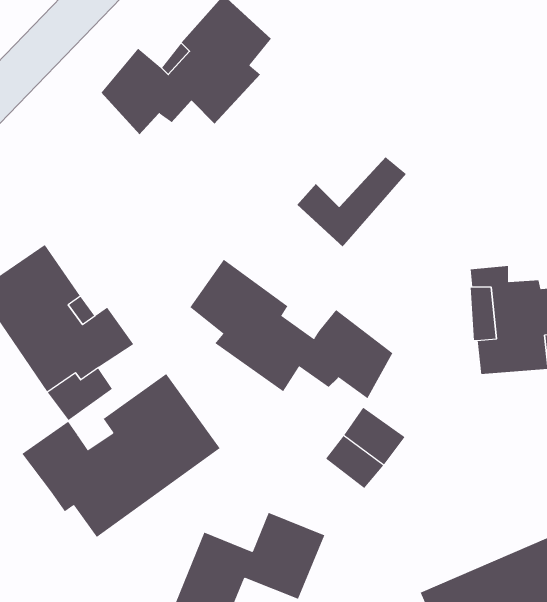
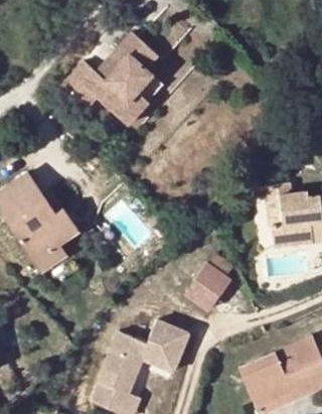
building: [296,156,407,248] -> [101,76,163,127]
building: [189,259,393,399] -> none
building: [21,373,221,538] -> none

